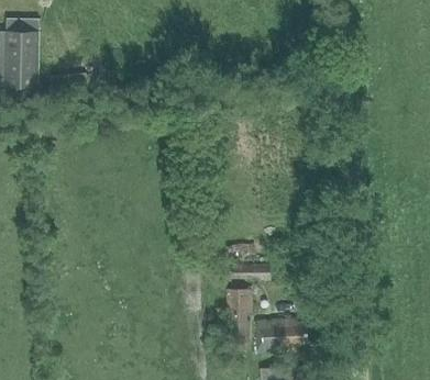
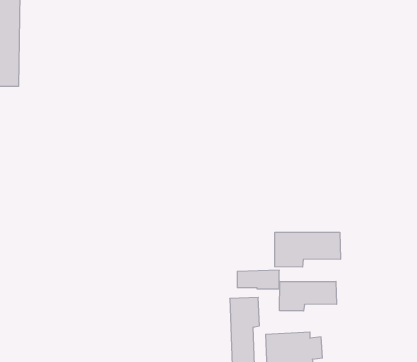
building: none -> [275,232,340,267]
building: none -> [280,281,337,311]

